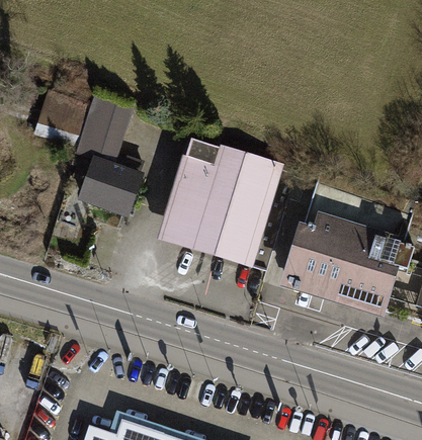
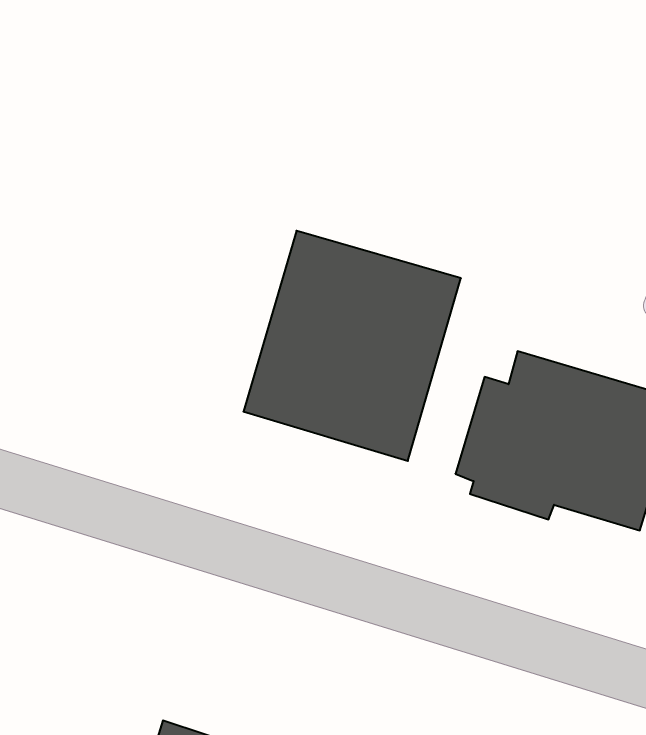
building: [38,91,146,213] -> none

